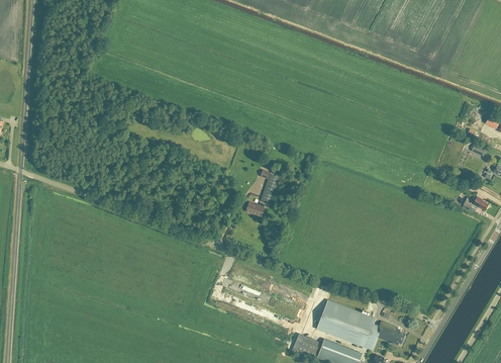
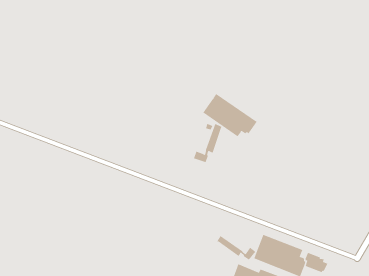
building: none -> [203,93,258,137]
building: none -> [216,235,256,261]

